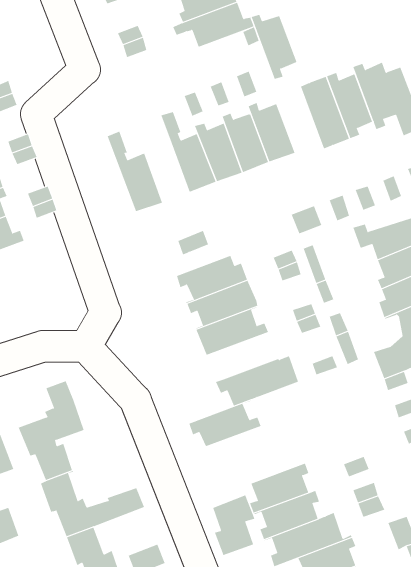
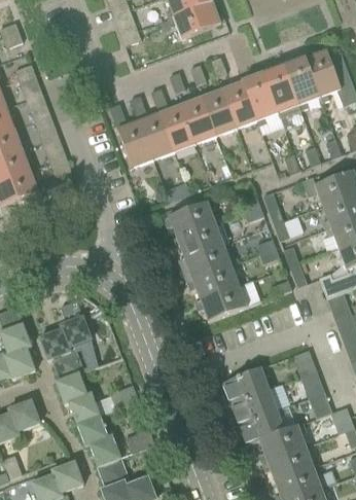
building: [251,8,300,80] -> [241,69,280,126]
building: none -> [130,96,174,160]
building: [188,400,262,447] -> [187,262,245,299]
building: [212,495,255,556] -> none

